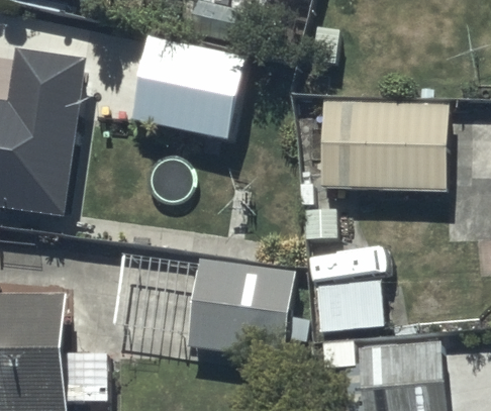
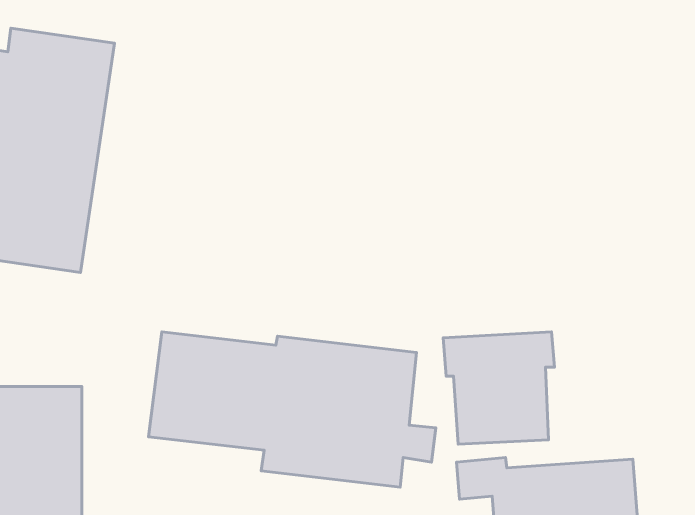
building: [132,35,245,137] -> none
building: [319,101,449,189] -> none

